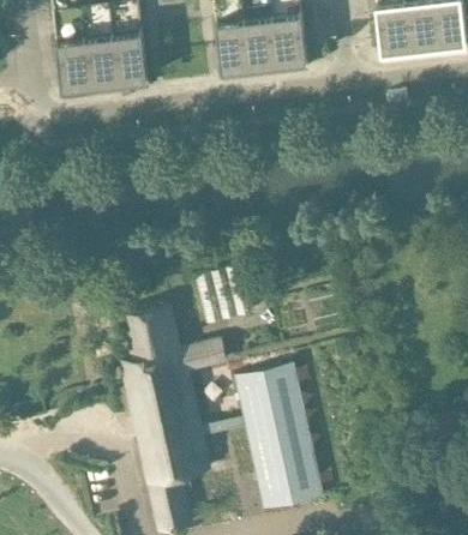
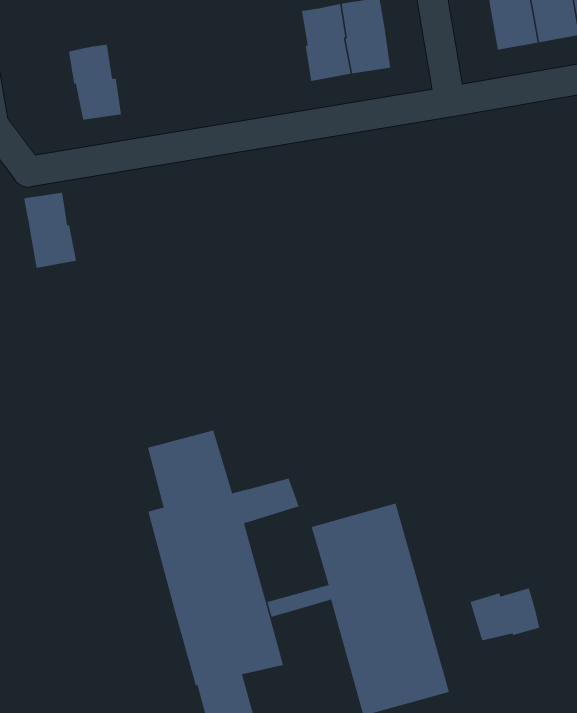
building: [216,20,251,73] -> none
building: [112,32,148,85] -> none
building: [56,40,91,92] -> [23,192,77,270]
building: none -> [470,588,540,641]

